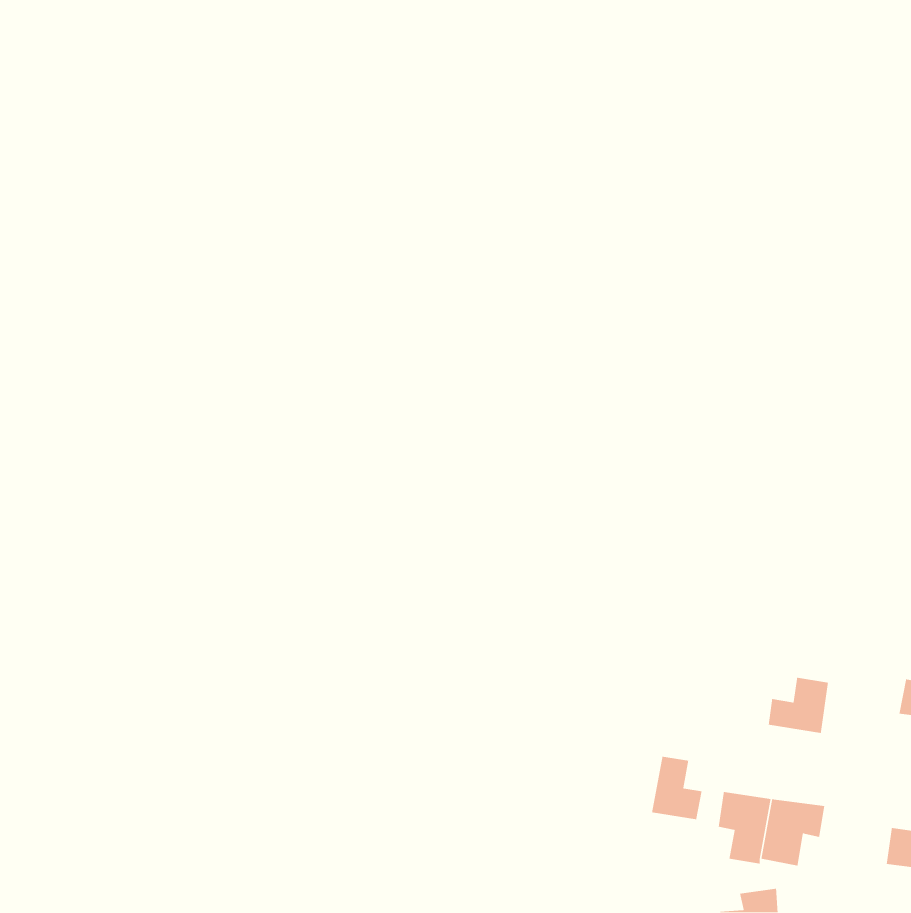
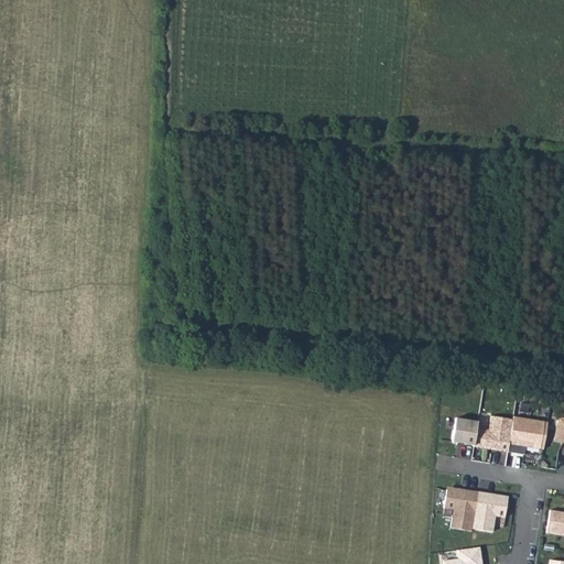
building: none -> [508,416,545,454]
building: none -> [453,419,478,446]
building: [651,756,702,820] -> none

